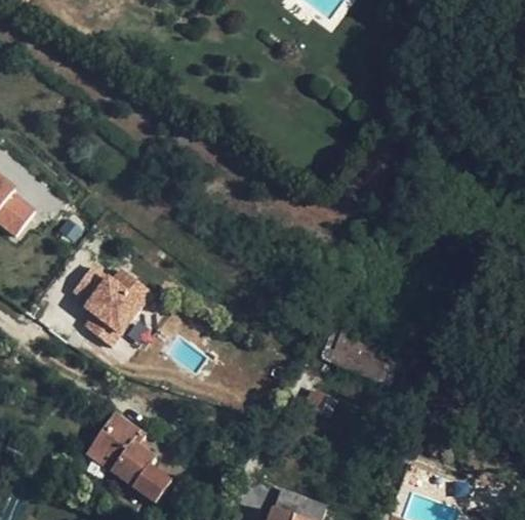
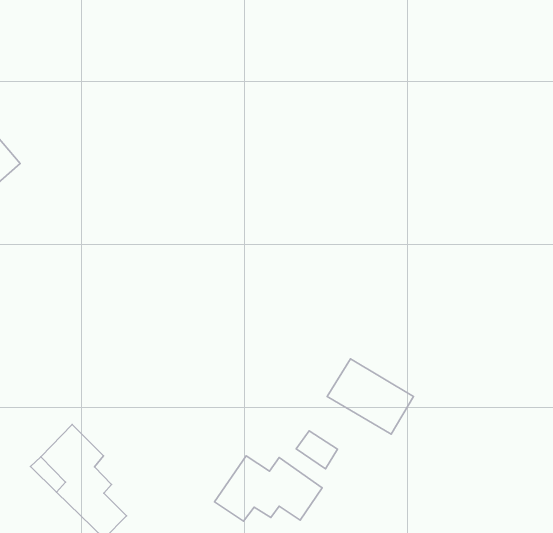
building: [68,264,152,347] -> none
building: none -> [215,456,322,521]

